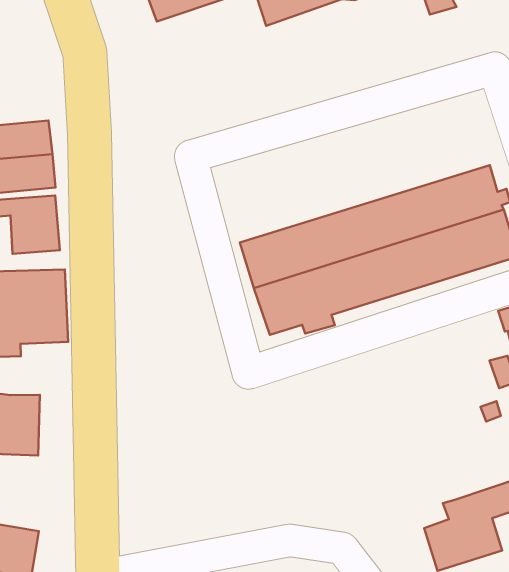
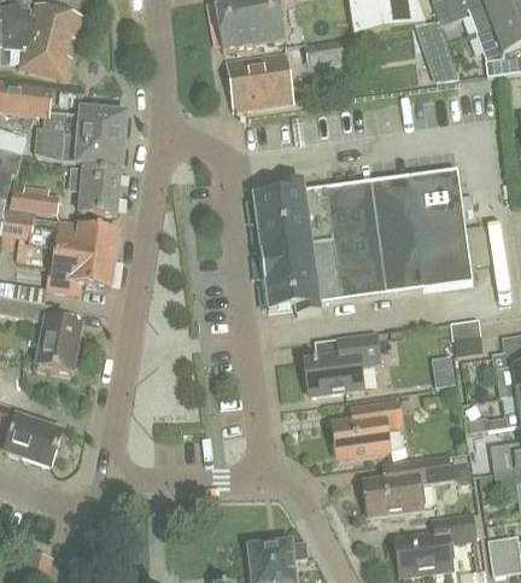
building: none -> [228,52,293,109]
building: none -> [253,168,463,233]
building: none -> [305,333,380,395]
building: none -> [333,398,400,457]

